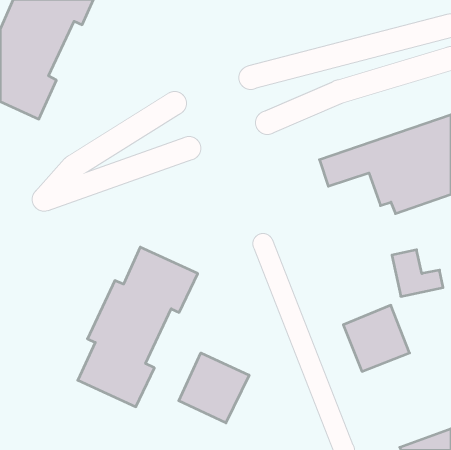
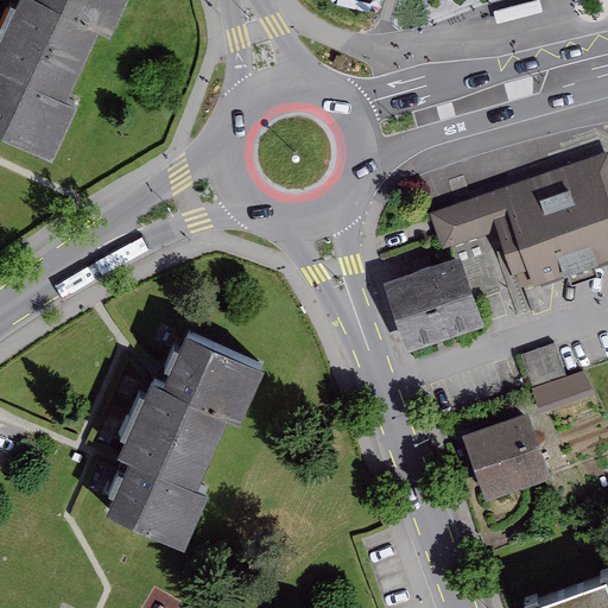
building: none -> [384,260,481,352]
building: [179,353,249,423] -> none

